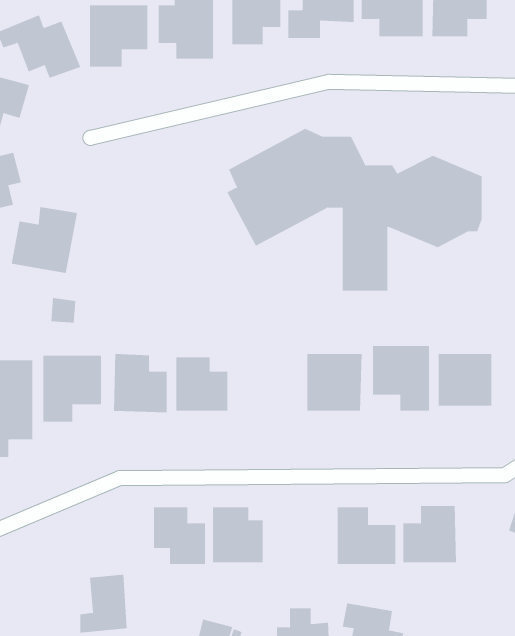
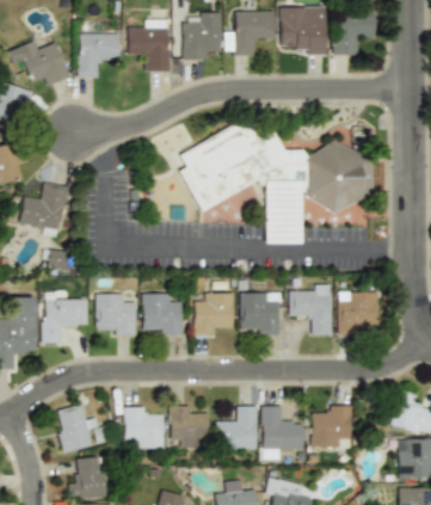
building: none -> [195,292,233,334]
building: none -> [54,402,109,454]
building: none -> [217,406,258,450]

